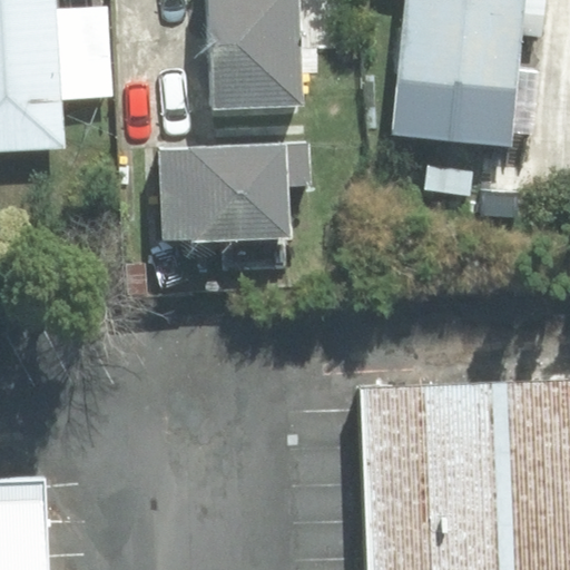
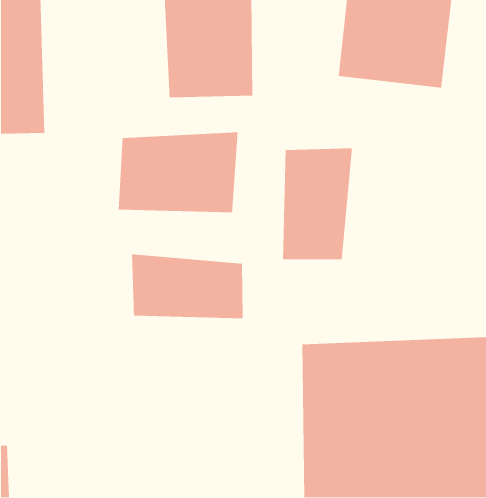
building: none -> [282,148,353,260]
building: none -> [131,253,244,319]

